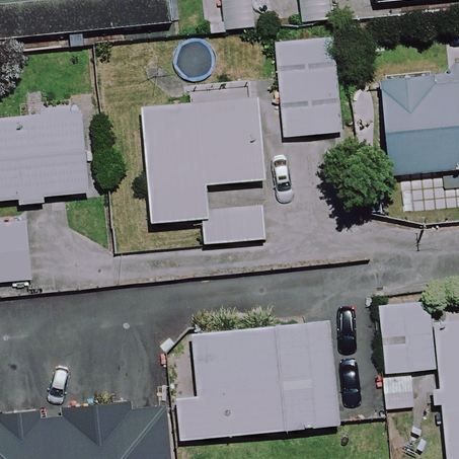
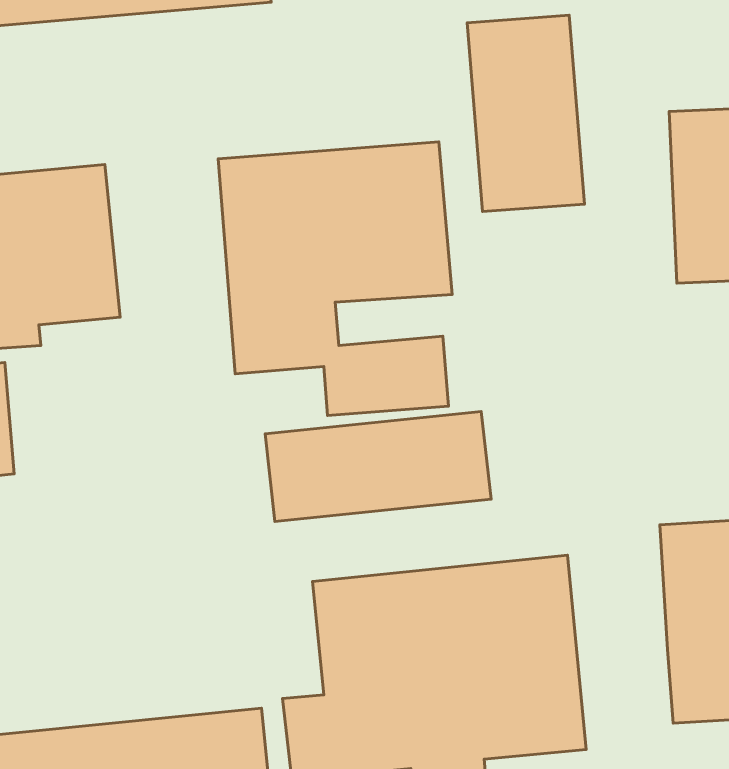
building: none -> [265,411,491,522]

